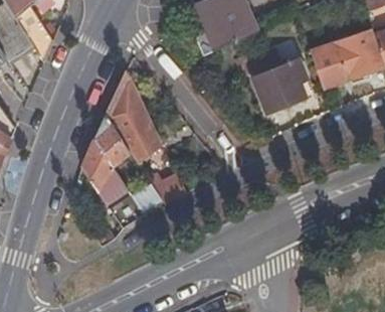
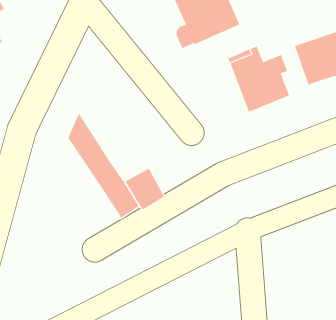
building: [106,70,161,161] -> none
building: [81,137,145,228] -> none

